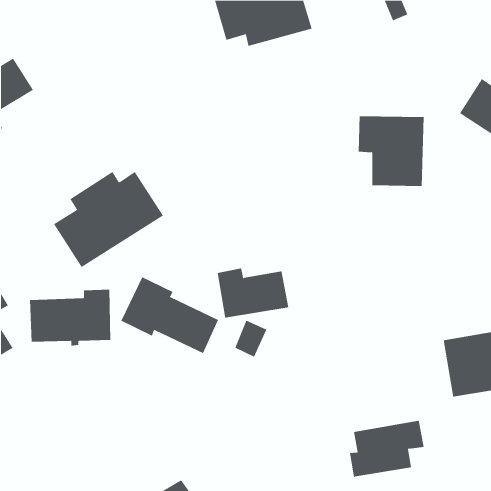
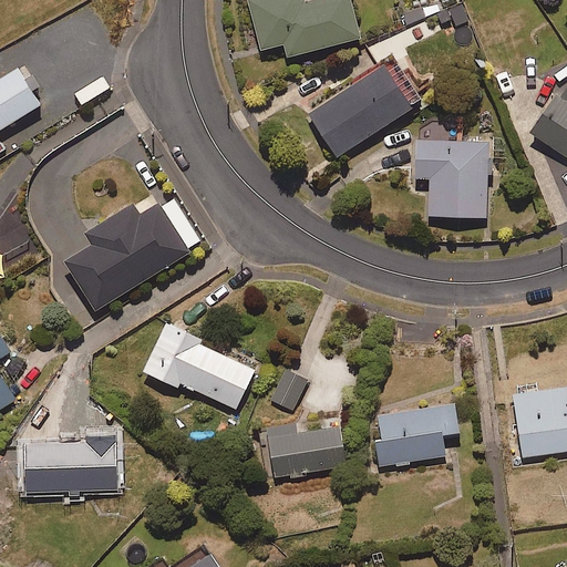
building: none -> [308,62,413,157]
building: [217,268,289,318] -> [266,422,349,480]
building: [29,289,111,346] -> [22,432,116,497]
building: [349,420,424,477] -> [373,402,460,467]

